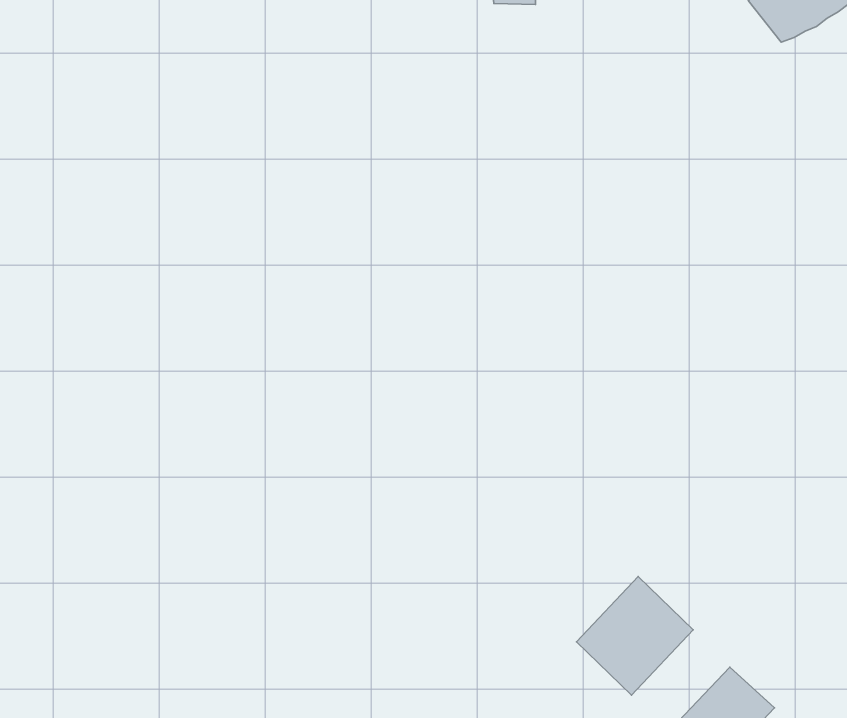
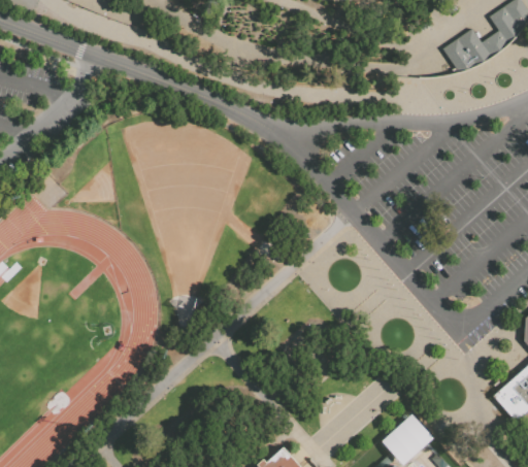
building: [577,576,693,695] -> none

